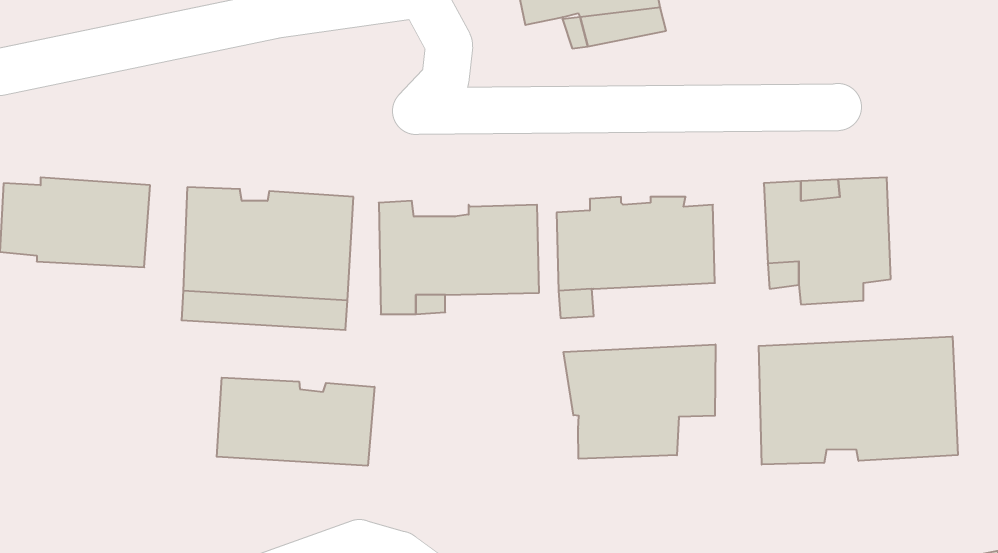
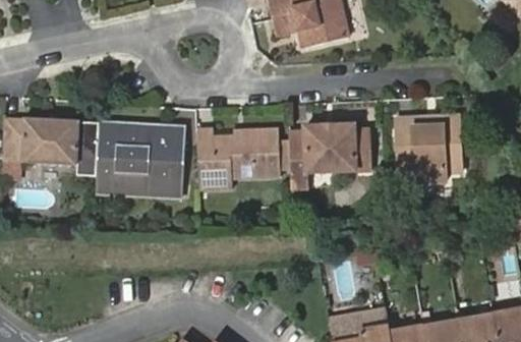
building: [759,336,958,465] -> none
building: [564,344,715,459] -> none
building: [217,378,374,466] -> none

